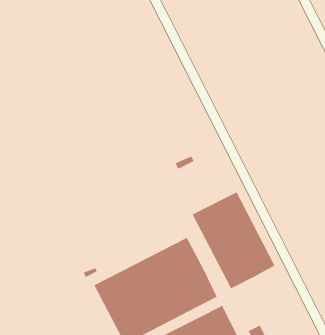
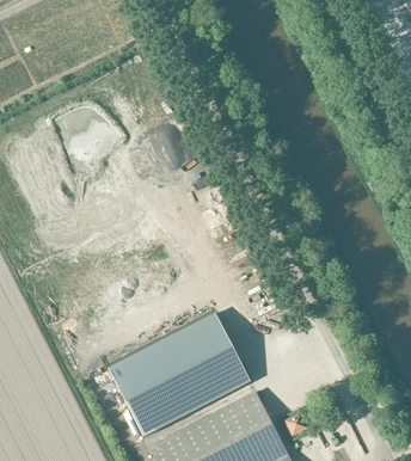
building: [192,191,275,289] -> none

